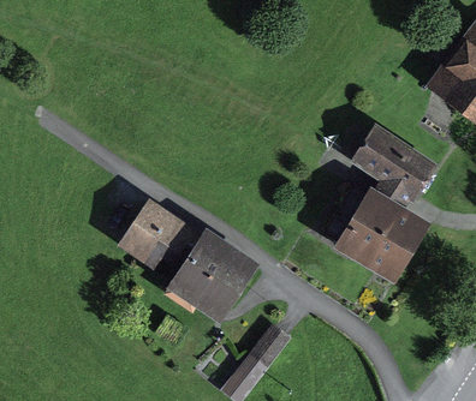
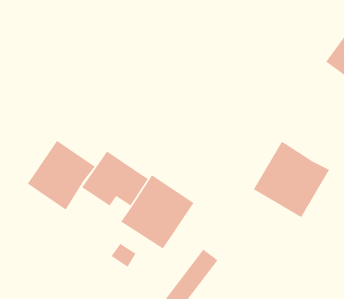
building: [349,121,440,213] -> none
building: none -> [27,140,96,210]

